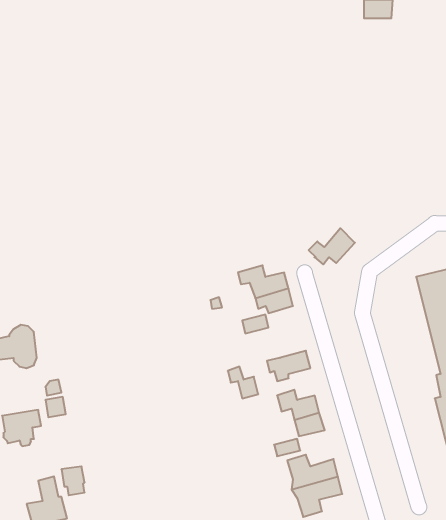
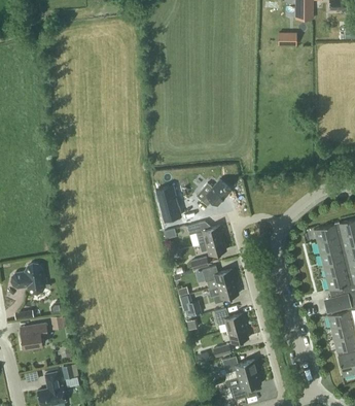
building: none -> [155,185,180,219]
building: [309,228,355,264] -> [198,179,230,205]
building: none -> [202,265,236,289]

